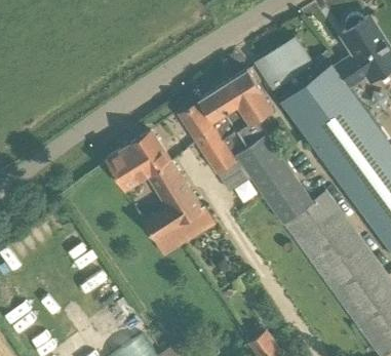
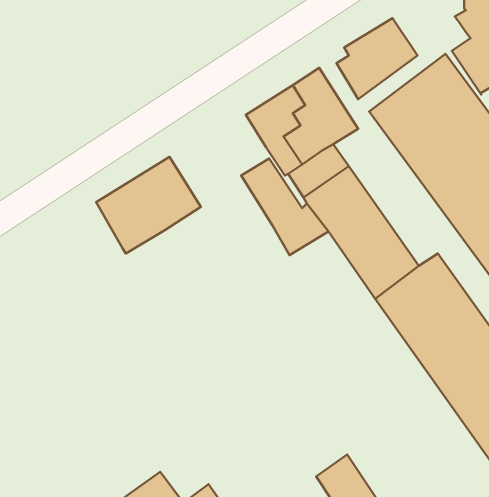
building: [180,104,214,142] -> none
building: [141,162,214,260] -> none

